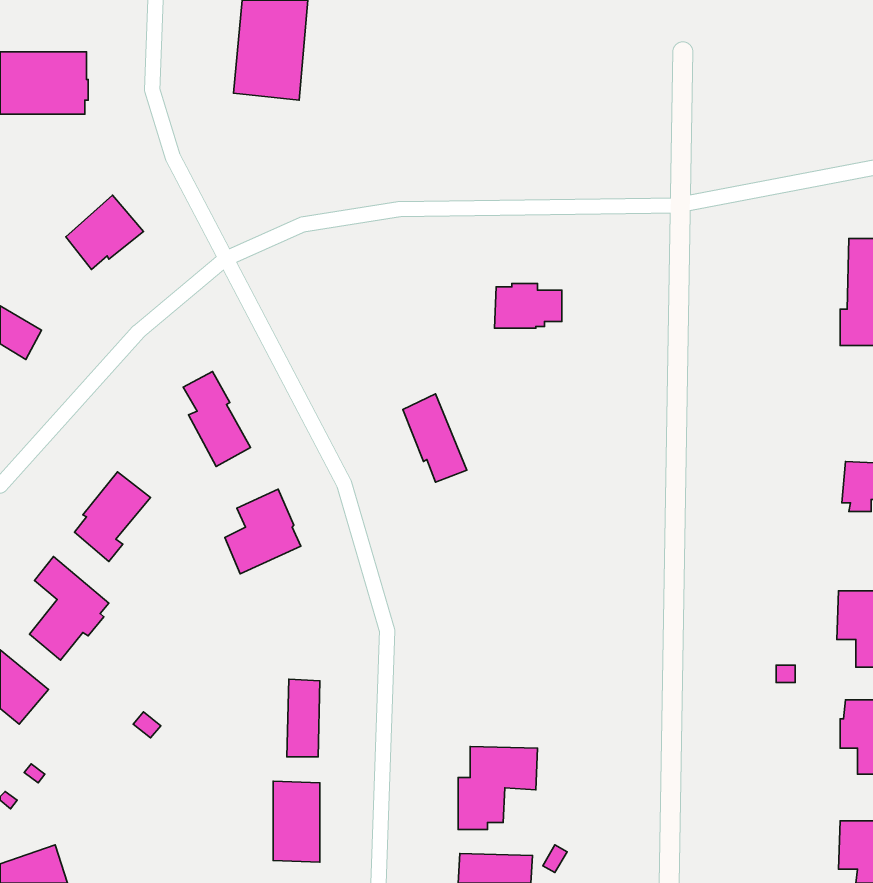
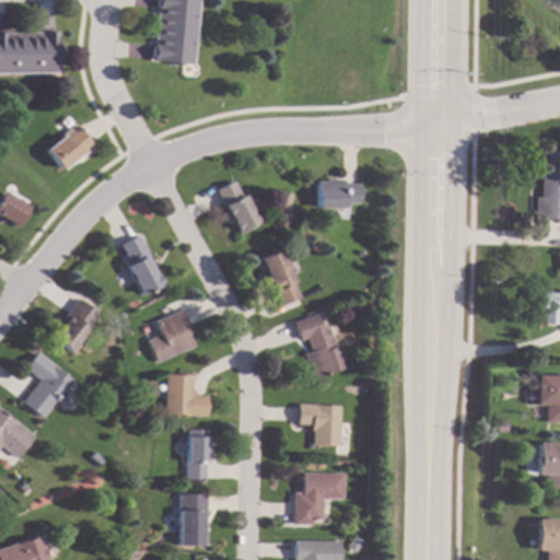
building: none -> [219,180,261,235]
building: none -> [295,314,345,378]
building: none -> [166,374,209,416]
building: none -> [299,404,342,445]

